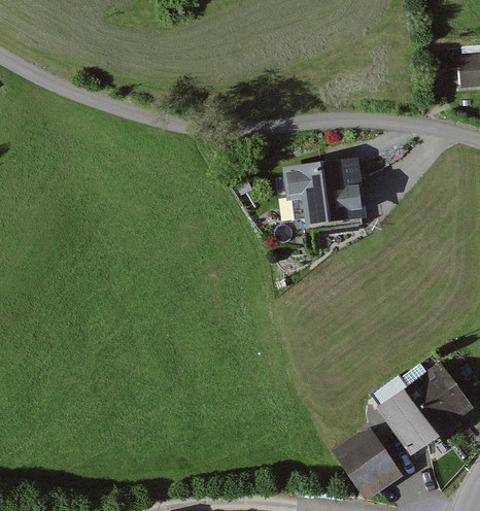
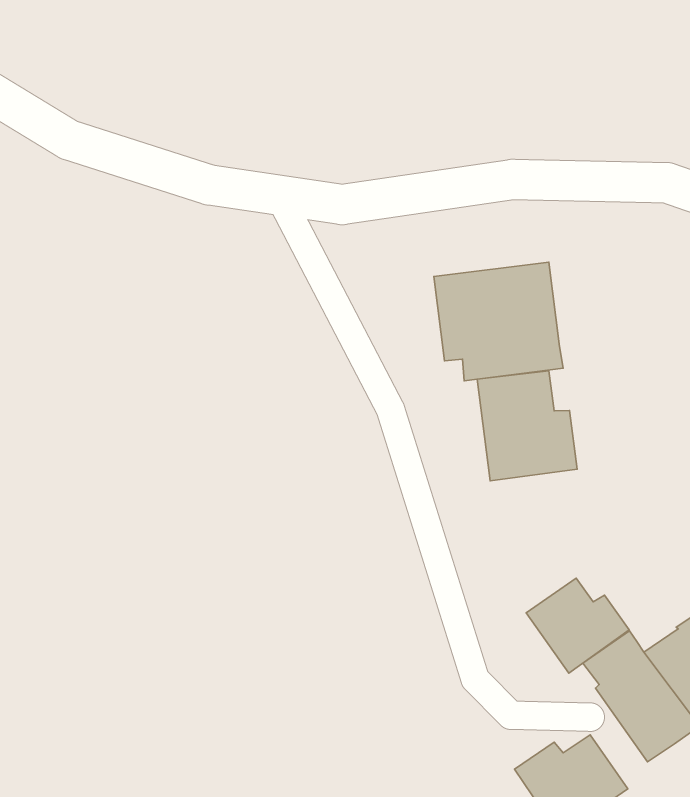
building: none -> [477,371,577,481]
building: none -> [526,578,629,673]

